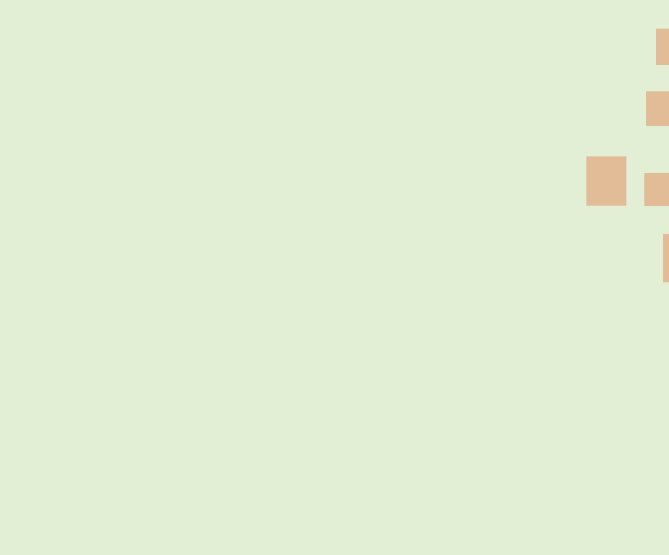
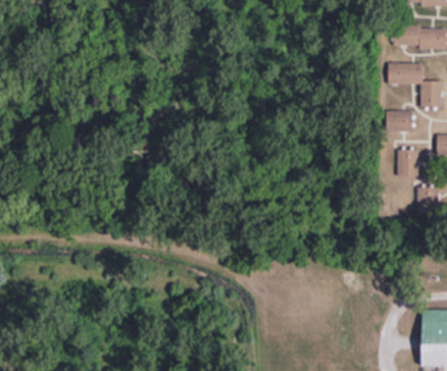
building: [586,156,627,206] -> none

